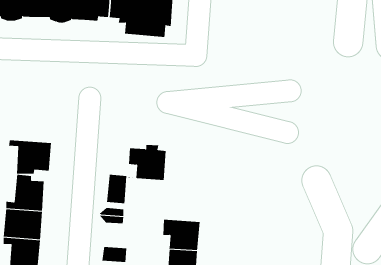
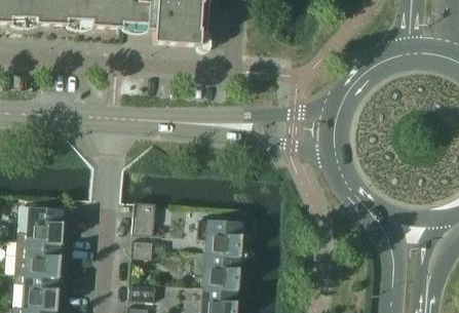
building: [8,139,52,175] -> none
building: [127,144,166,181] -> [197,214,241,256]

